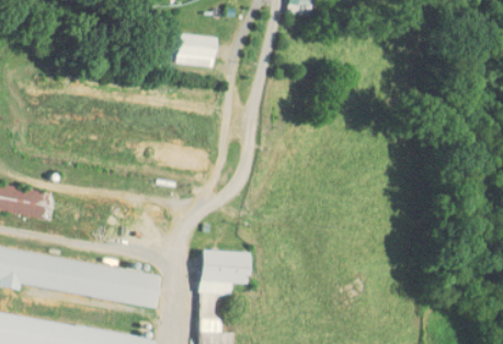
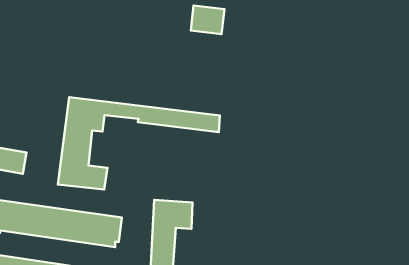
building: [176,34,216,68] -> [191,5,224,34]
building: none -> [58,97,220,190]

